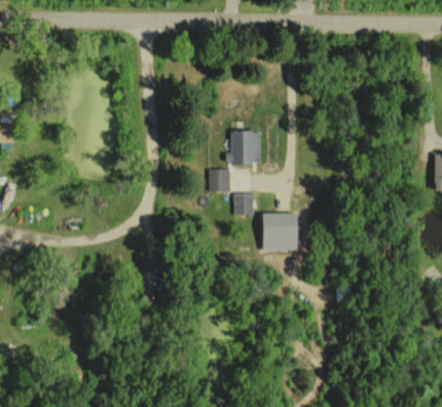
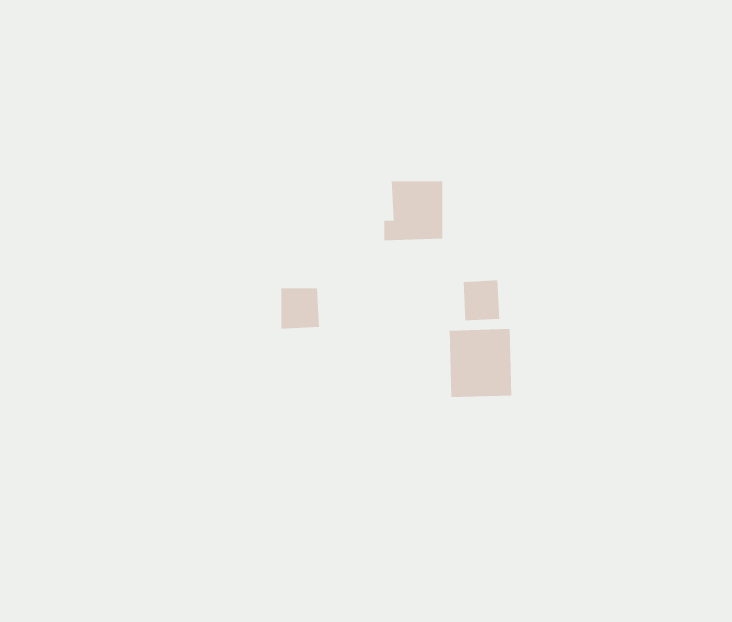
building: [209,170,230,192] -> [281,288,320,329]
building: [233,193,254,216] -> [463,280,500,321]

